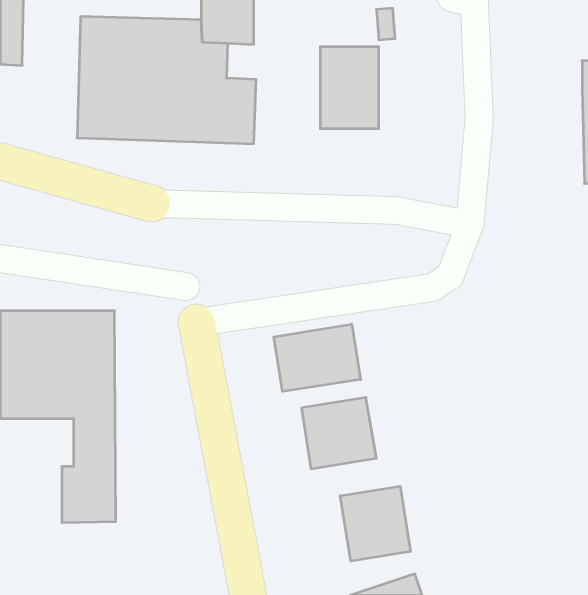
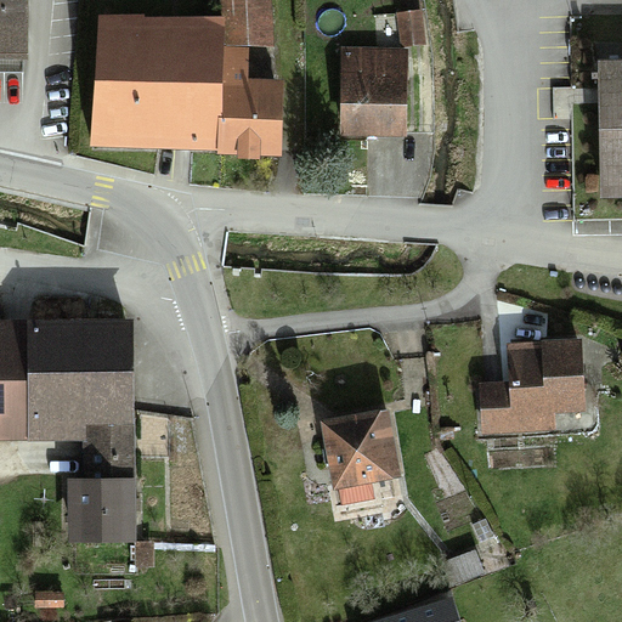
building: [274,324,361,391] -> none
building: none -> [485,343,582,432]
building: [340,486,411,561] -> none

